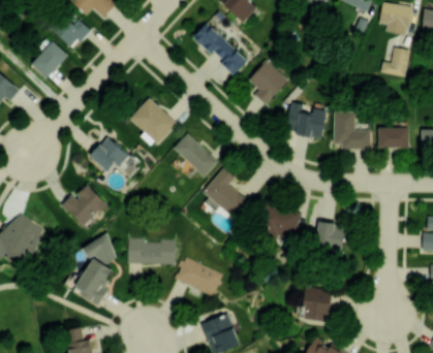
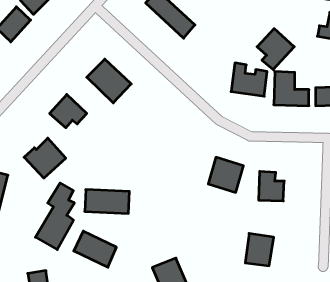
building: [248,60,288,104] -> [257,29,294,70]
building: [174,132,218,177] -> none
building: [203,166,250,218] -> none
building: [176,256,222,295] -> [74,231,116,267]

